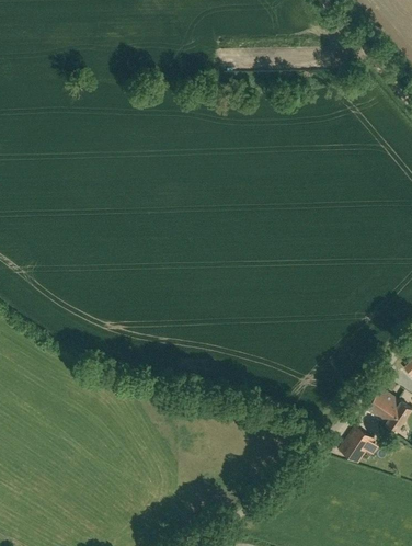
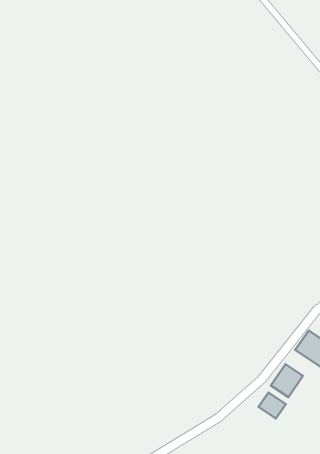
building: none -> [259,392,286,418]

